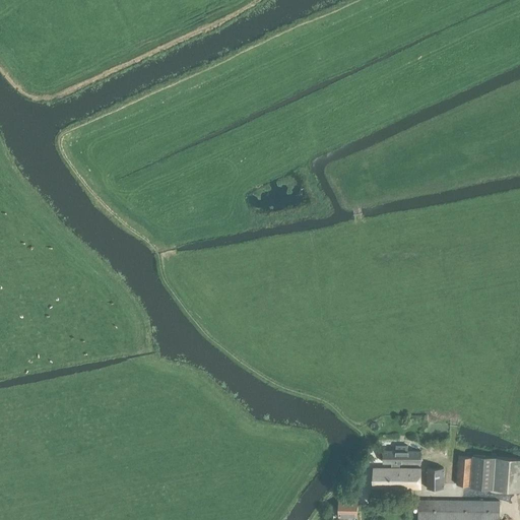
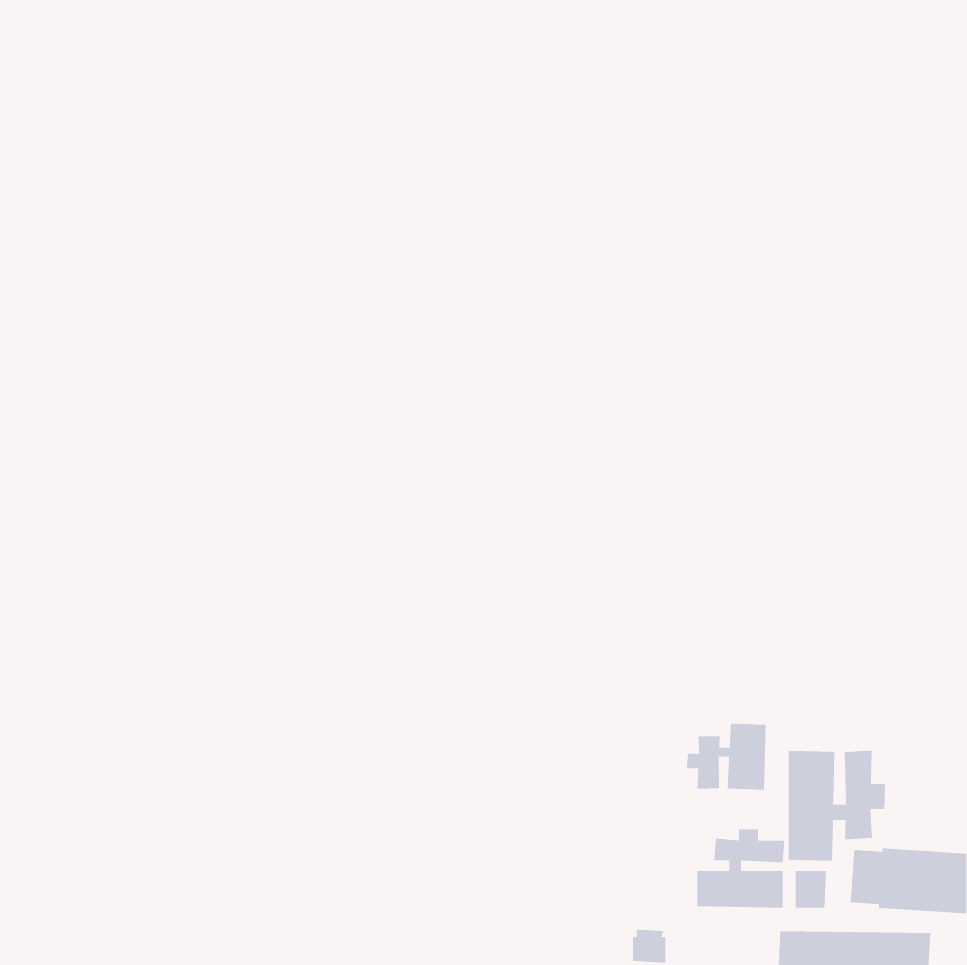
building: none -> [687,723,766,791]
building: none -> [788,750,885,861]

